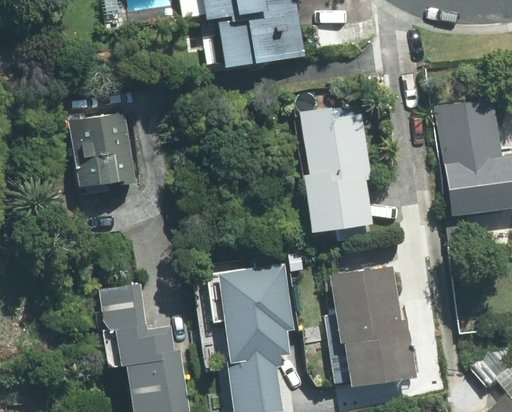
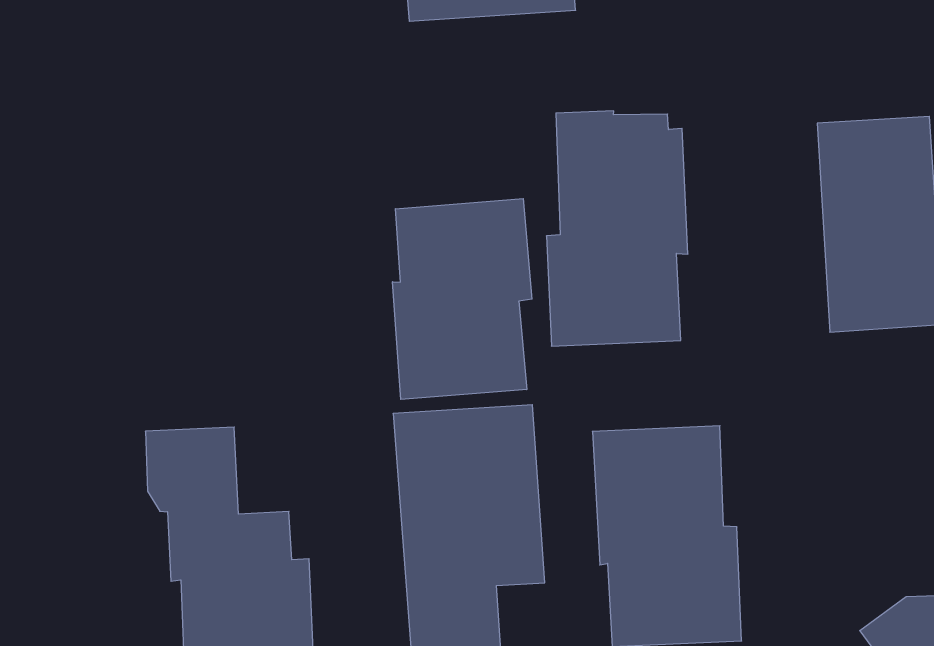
building: [73,114,134,186] -> none
building: none -> [393,199,532,399]

